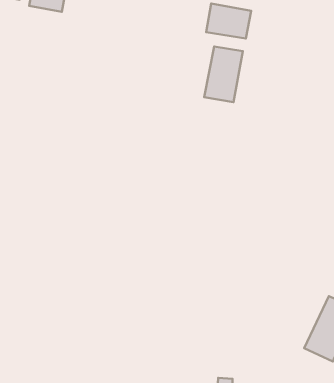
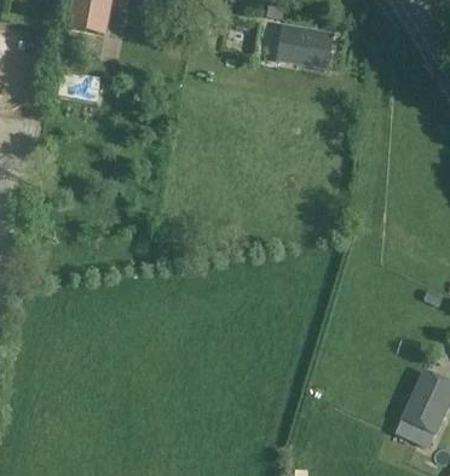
building: [204,46,243,102] -> none

